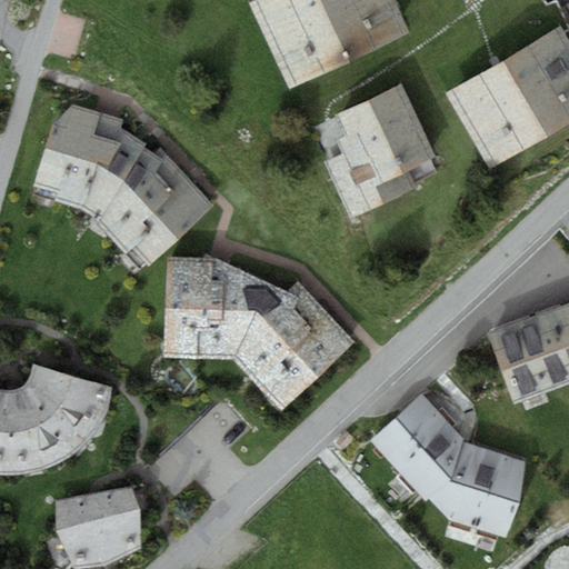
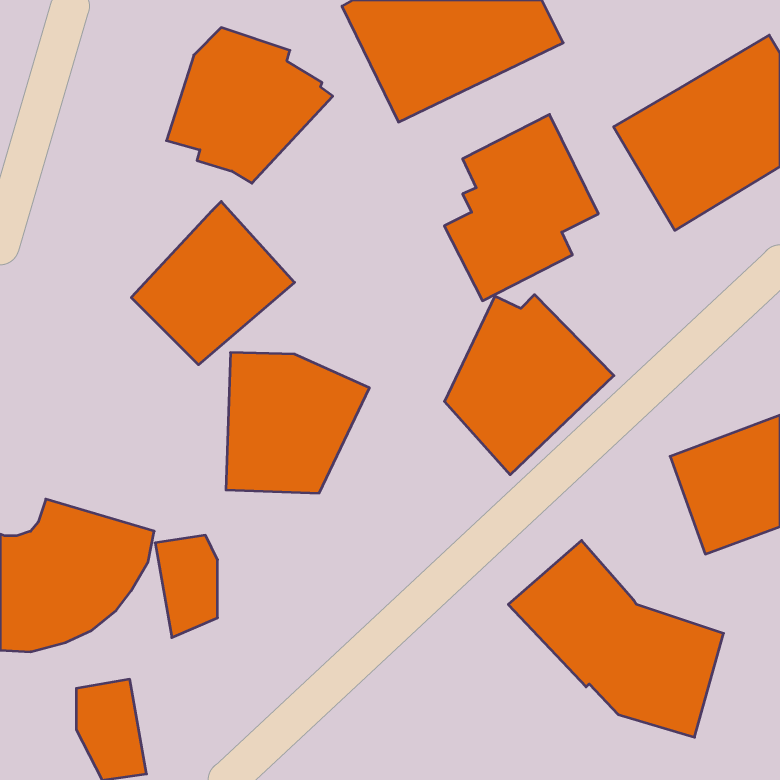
building: [33,103,154,217] -> [166,28,333,183]
building: [232,281,356,412] -> [444,295,614,475]
building: [94,489,140,563] -> [155,535,218,638]

